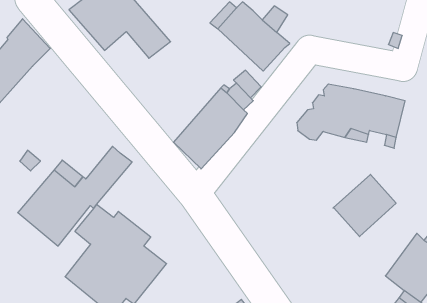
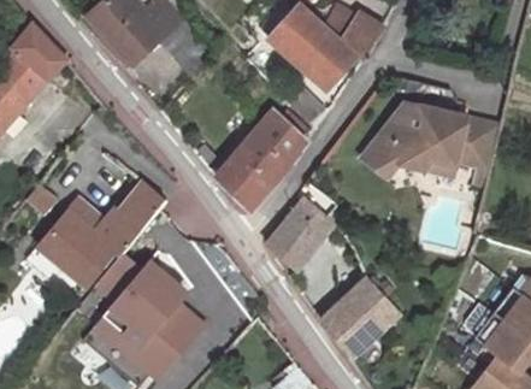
building: none -> [342,11,384,65]
building: none -> [266,199,332,267]
building: [333,174,396,237] -> [320,278,397,354]

